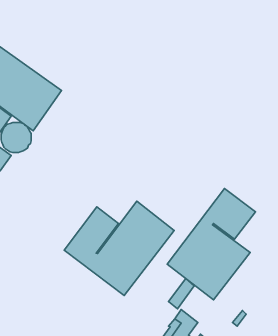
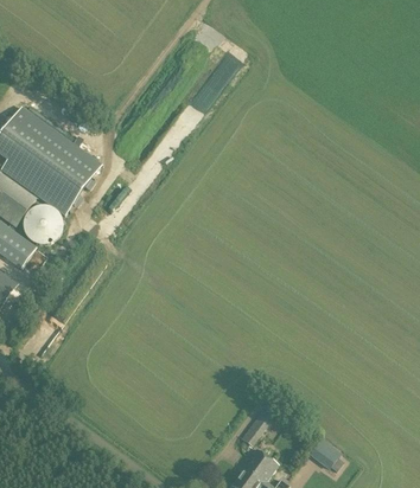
building: [167,189,255,300] -> none
building: [64,201,174,296] -> none

